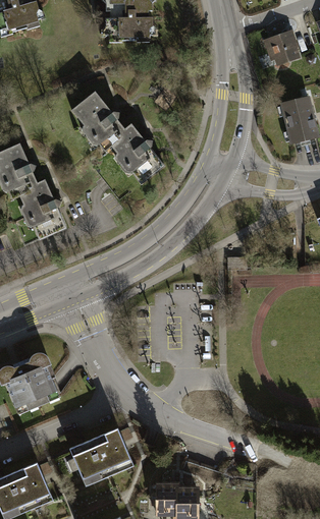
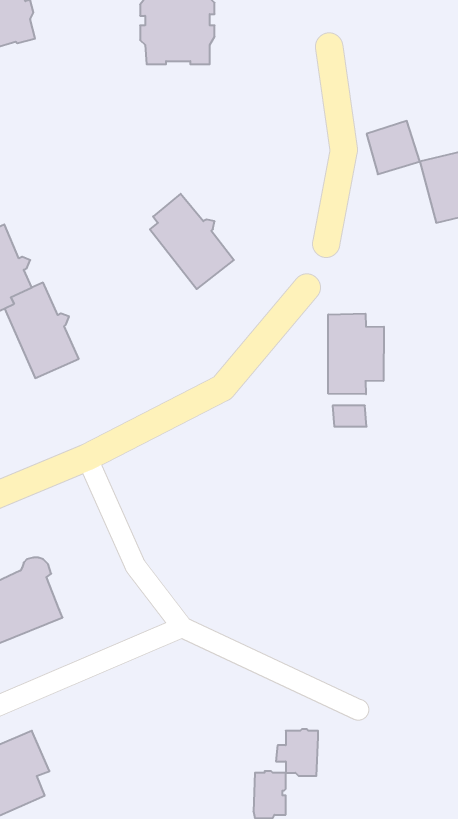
building: [267,33,301,66] -> [367,121,420,174]
building: [71,92,124,152] -> none
building: none -> [328,314,384,394]
building: [69,427,128,482] -> none
building: [151,483,177,513] -> [276,729,318,776]

